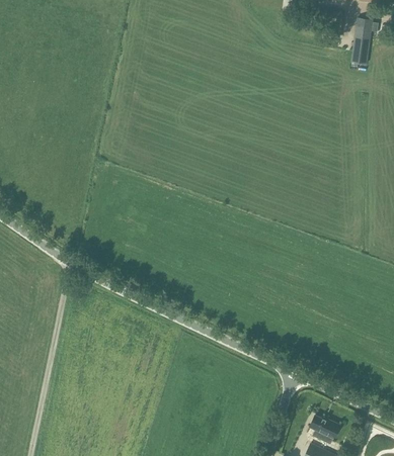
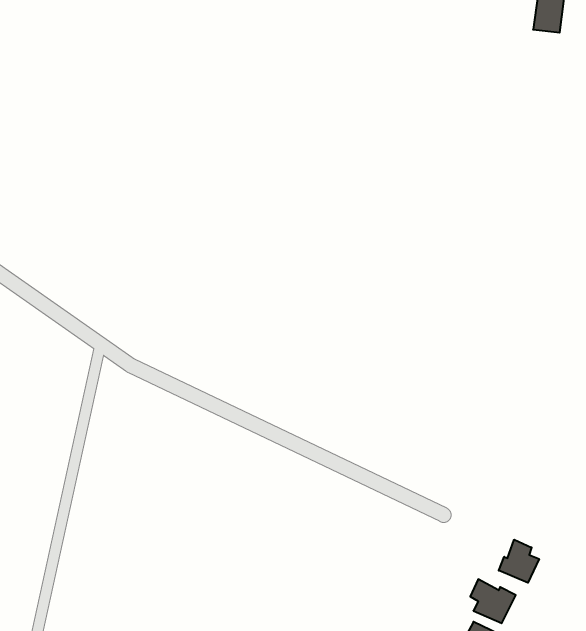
building: none -> [499,540,539,583]

